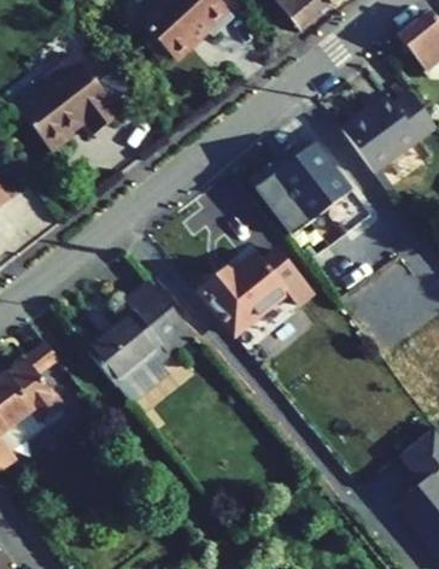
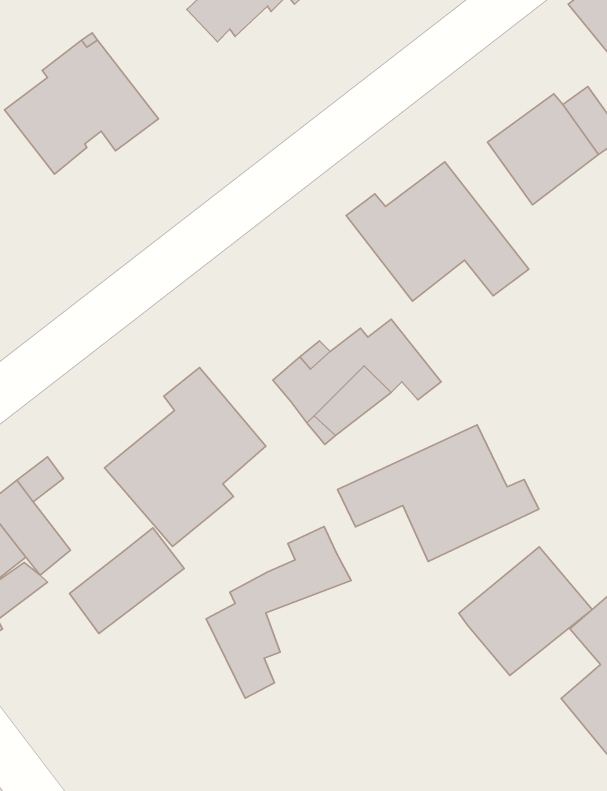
building: none -> [337,425,539,561]
building: none -> [206,527,351,698]
building: none -> [69,528,184,633]
building: none -> [459,547,592,675]

